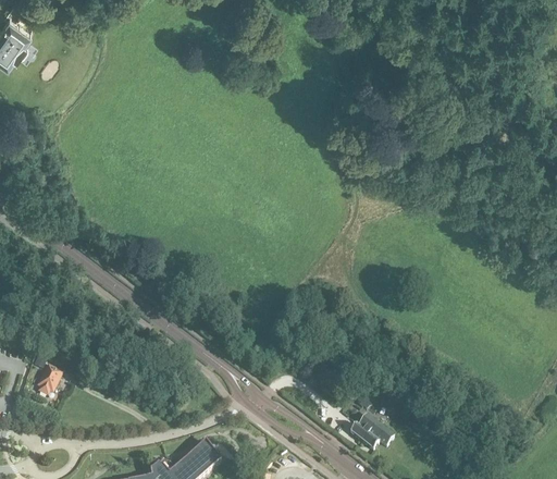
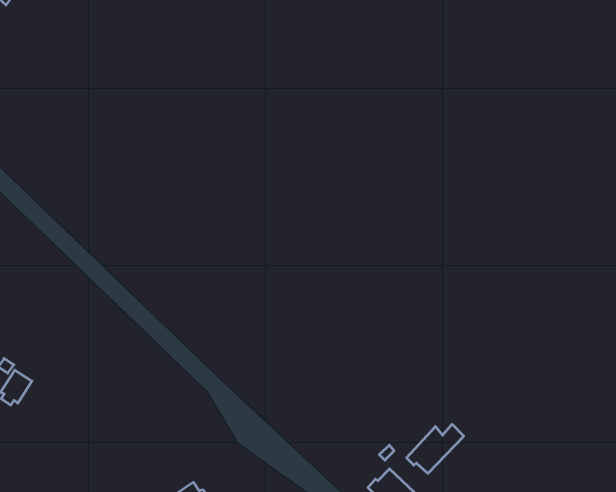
building: none -> [407,424,464,473]

